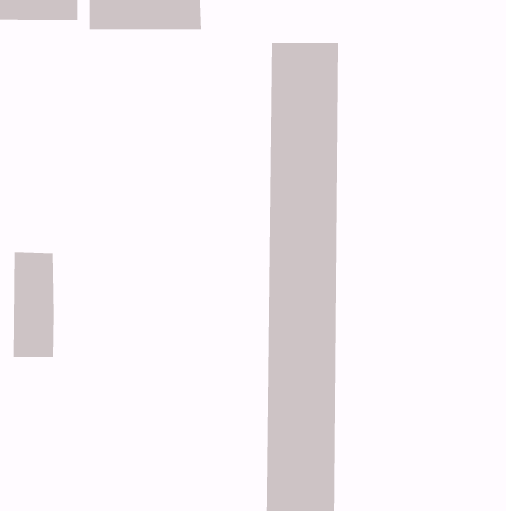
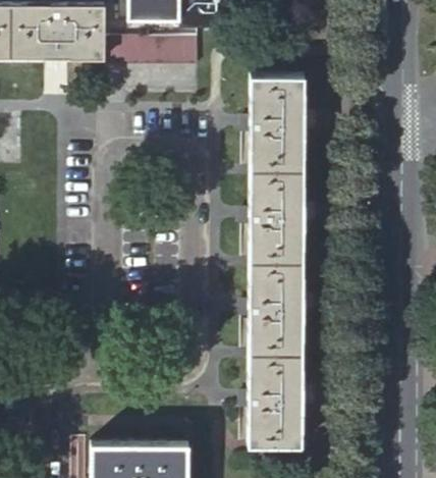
building: [13,251,54,358] -> none

